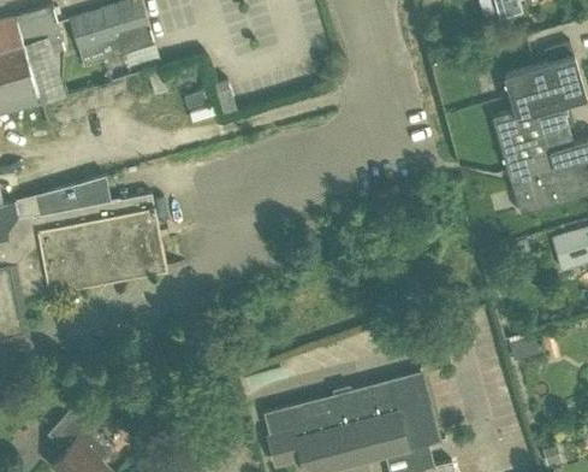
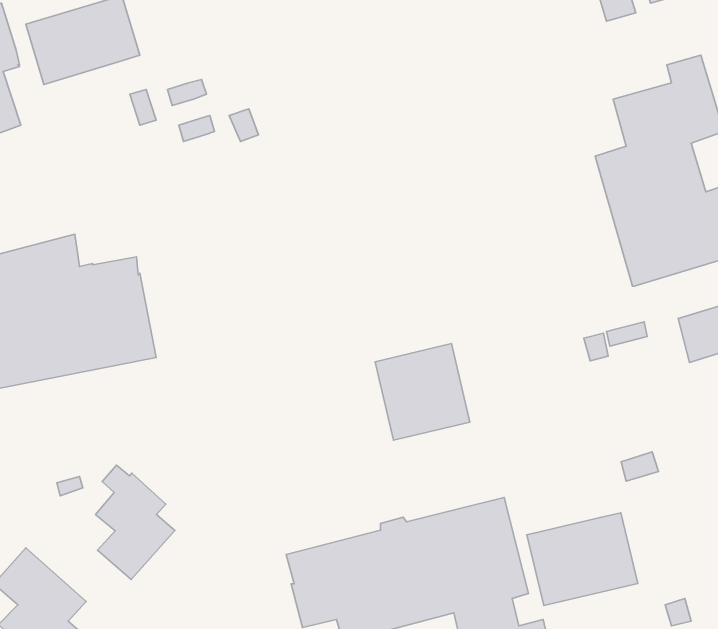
building: none -> [375,343,470,440]
building: none -> [95,465,175,580]
building: none -> [527,513,638,605]

